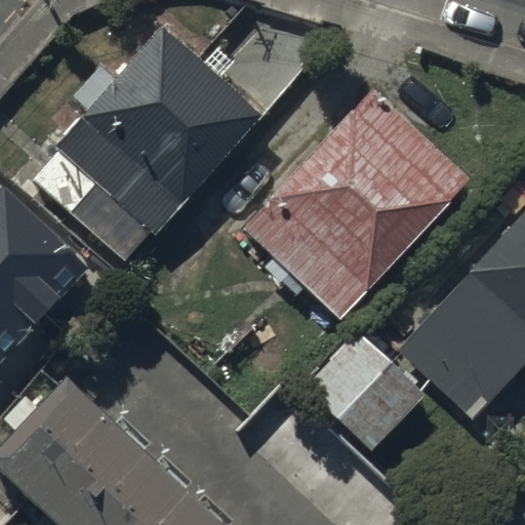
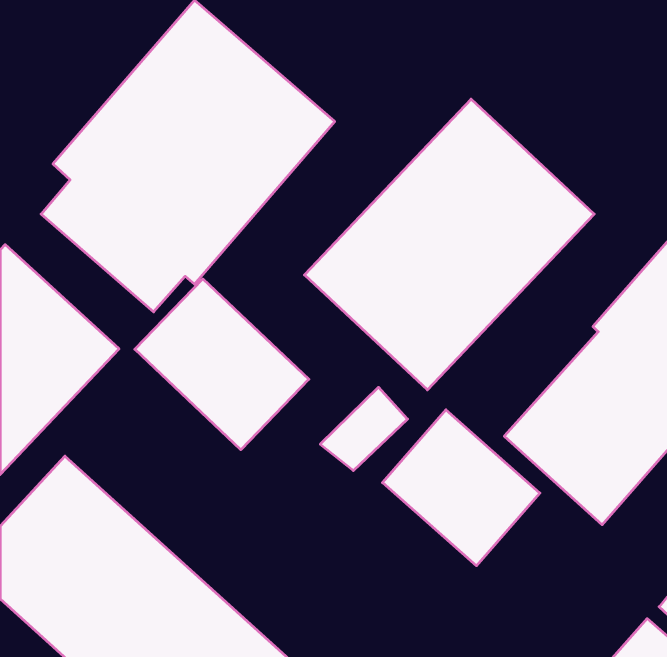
building: none -> [135,279,309,450]

